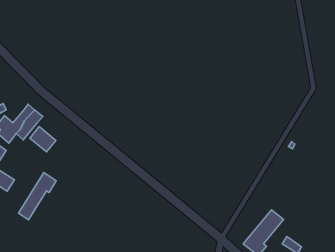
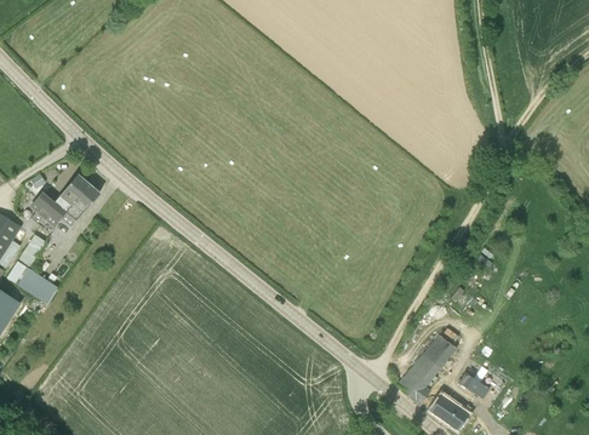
building: [30,127,56,152] -> none
building: [18,173,56,220] -> none

